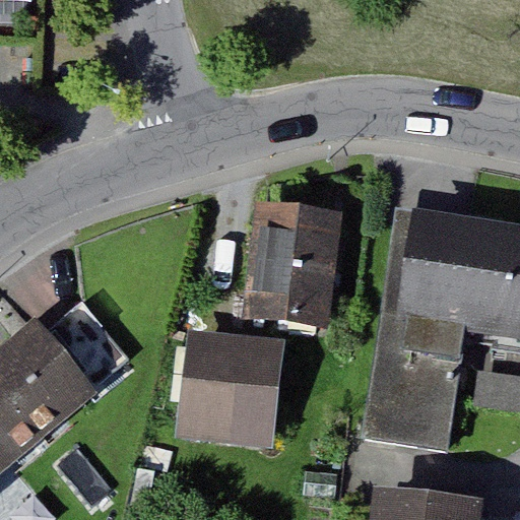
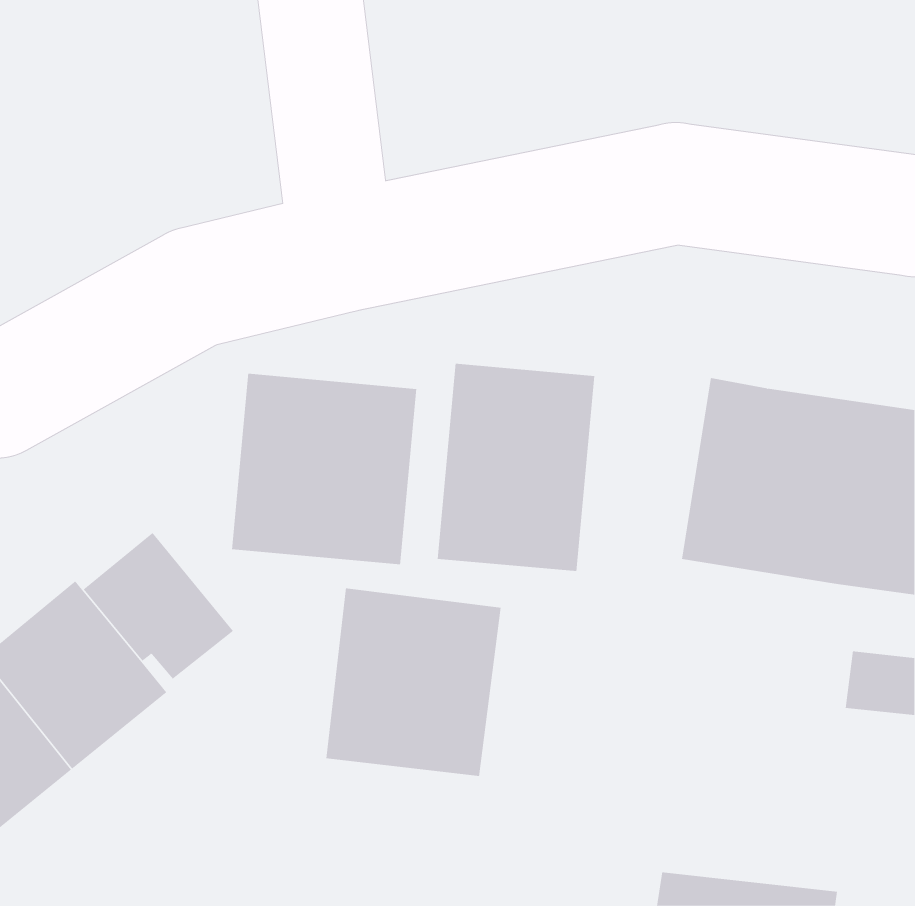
building: none -> [231,373,417,565]
building: [368,316,472,444] -> none

